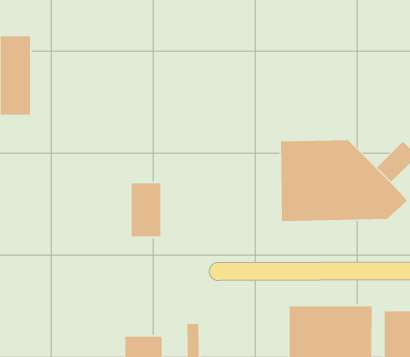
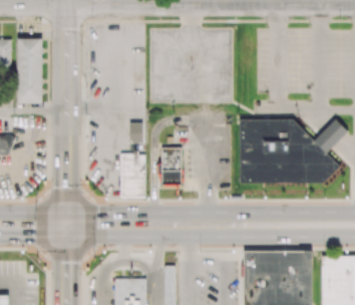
building: none -> [159,148,182,190]

